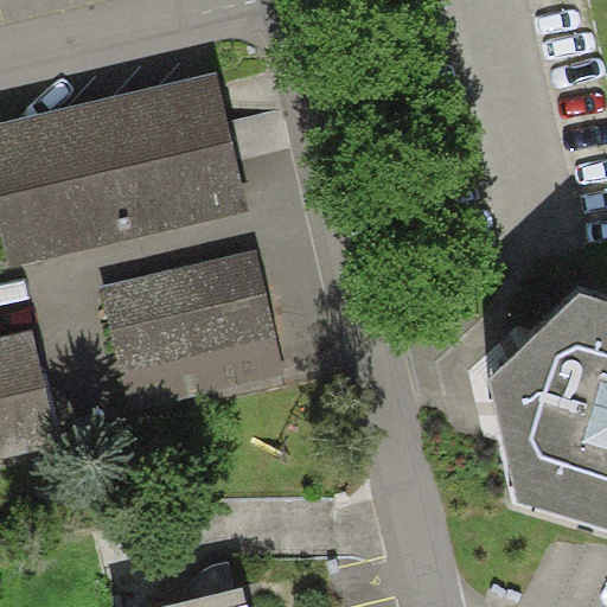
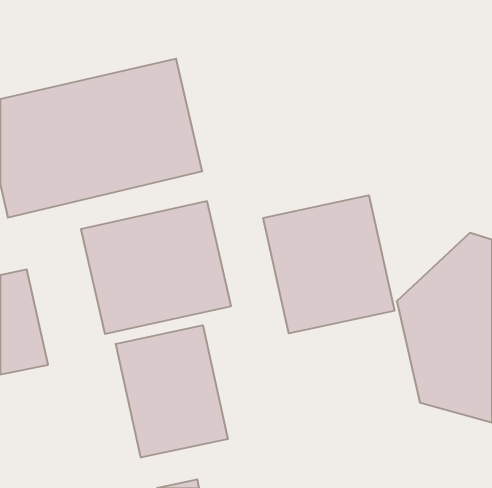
building: none -> [263,195,394,333]
building: none -> [116,325,228,458]

